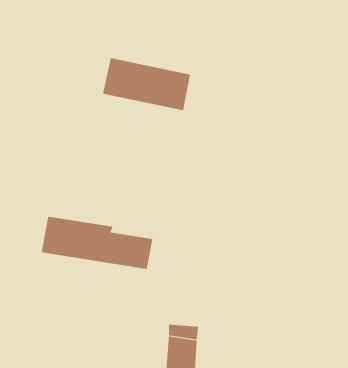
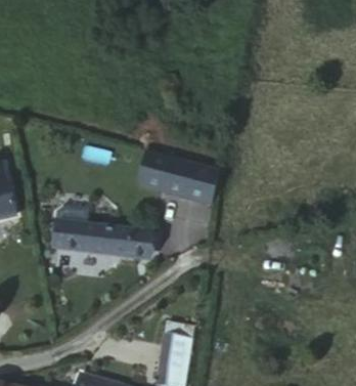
building: [102,58,191,111] -> [137,155,217,203]

